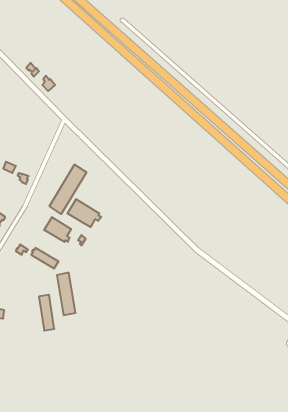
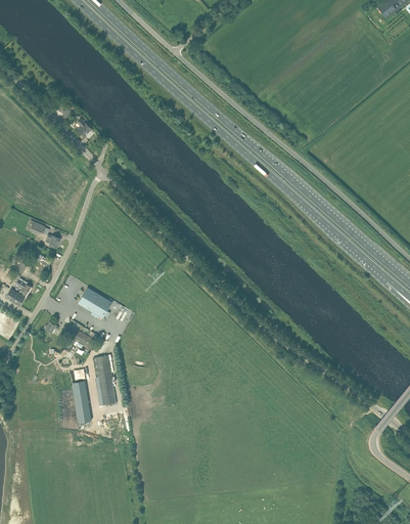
building: [50,164,86,214] -> none
building: [67,199,101,227] -> none

